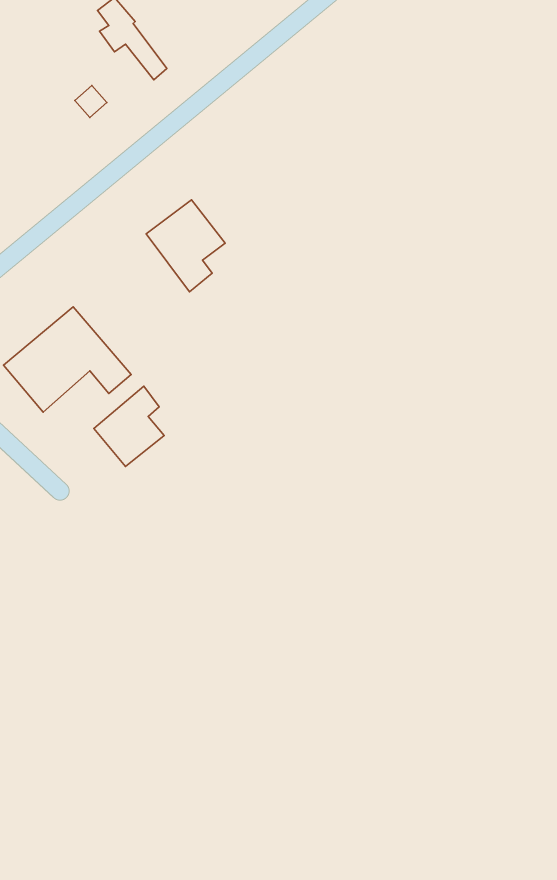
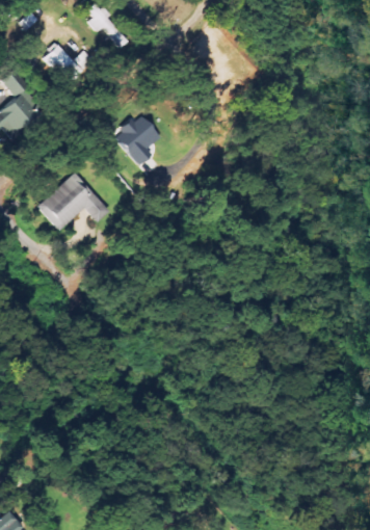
building: none -> [44,45,82,84]
building: [94,386,164,466] -> none

